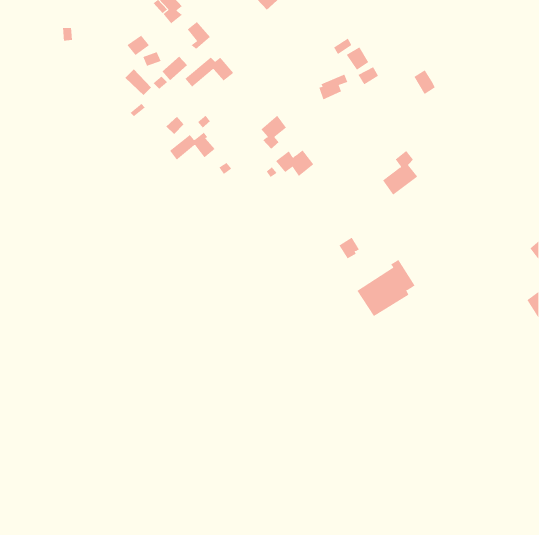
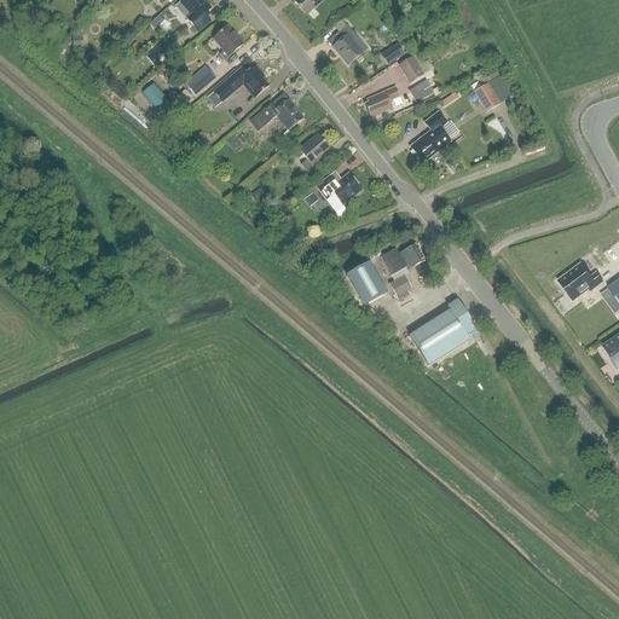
building: none -> [331,22,361,62]
building: [169,132,216,160] -> [249,97,302,129]
building: [382,150,418,195] -> [410,109,451,161]
building: none -> [381,241,423,272]
building: none -> [347,261,388,306]
building: none -> [557,261,603,295]

